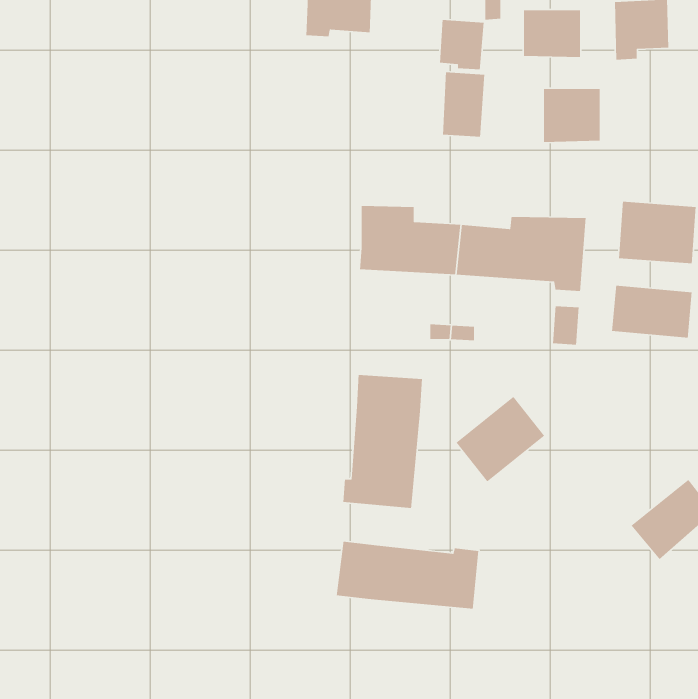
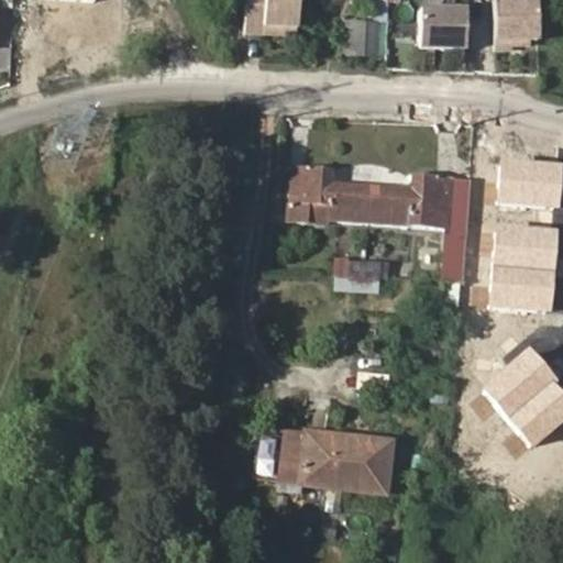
building: [442,71,485,138] -> none
building: [543,88,601,143] -> none
building: none -> [489,265,554,312]
building: [342,374,423,509] -> none
building: [456,396,545,482] -> [483,351,554,420]

